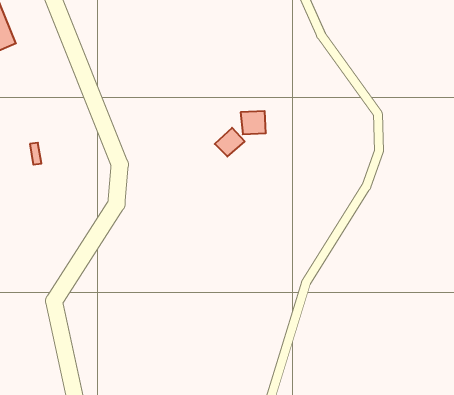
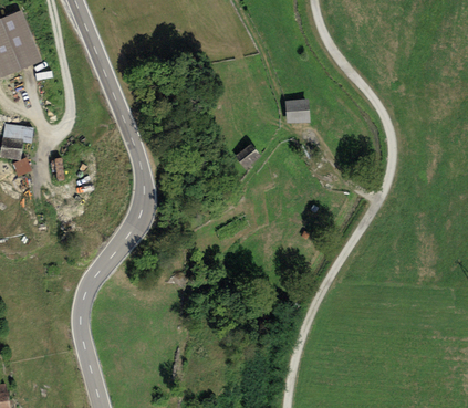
building: [241,111,266,134] -> [285,98,310,121]

